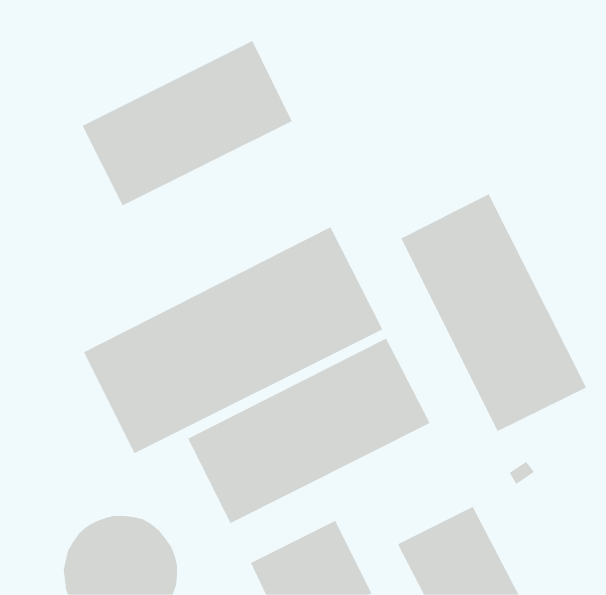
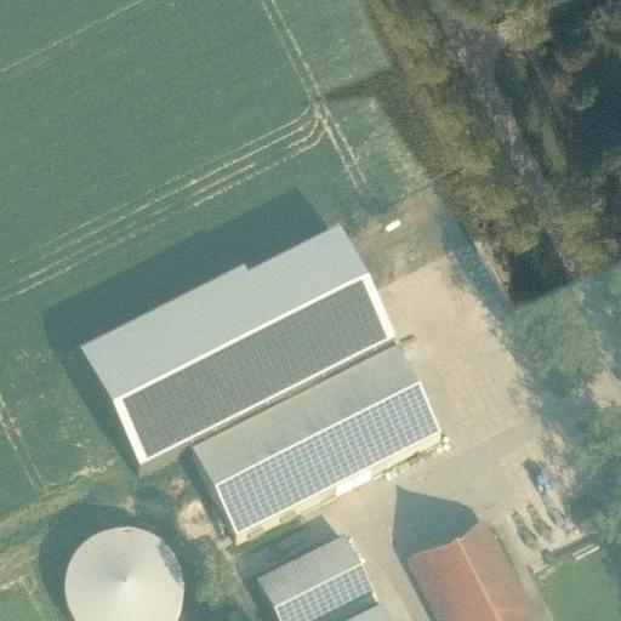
building: [82,40,292,206] -> none
building: [401,193,587,432] -> none

